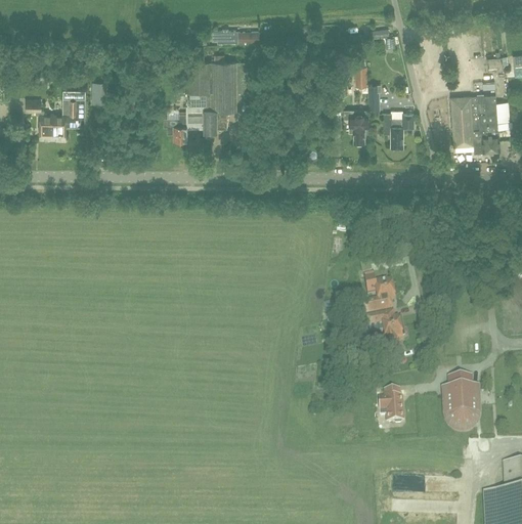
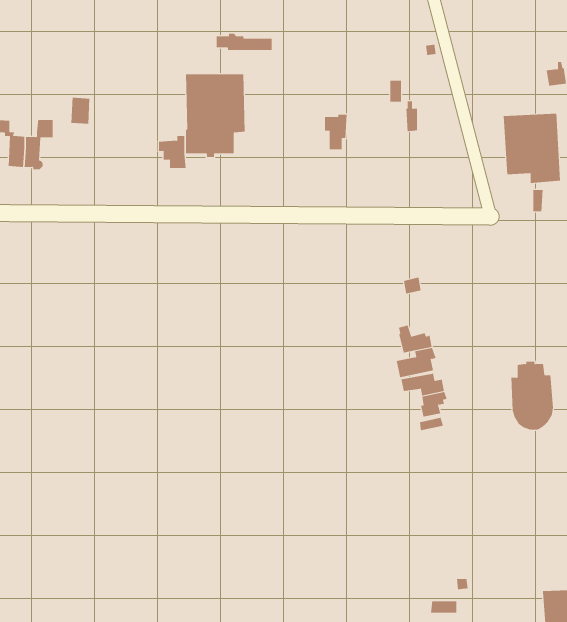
building: [349,114,368,143] -> [324,114,347,150]
building: [384,114,415,147] -> none
building: [443,374,479,431] -> [511,361,554,430]
building: [379,389,403,423] -> none

